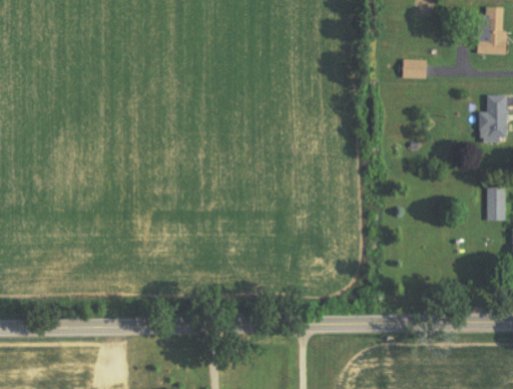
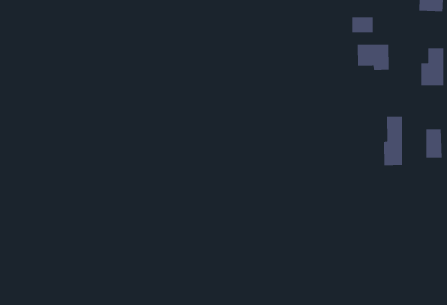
building: none -> [357,44,389,71]
building: none -> [383,116,403,166]

